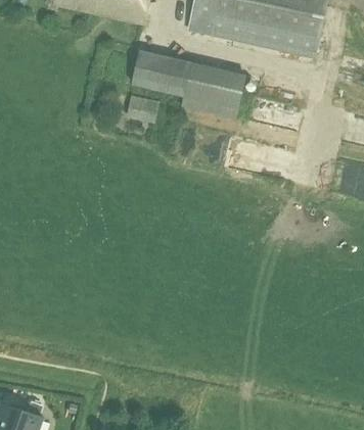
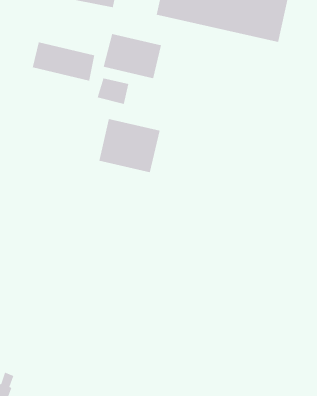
building: none -> [32,41,95,82]
building: [183,61,247,117] -> [98,119,160,173]

